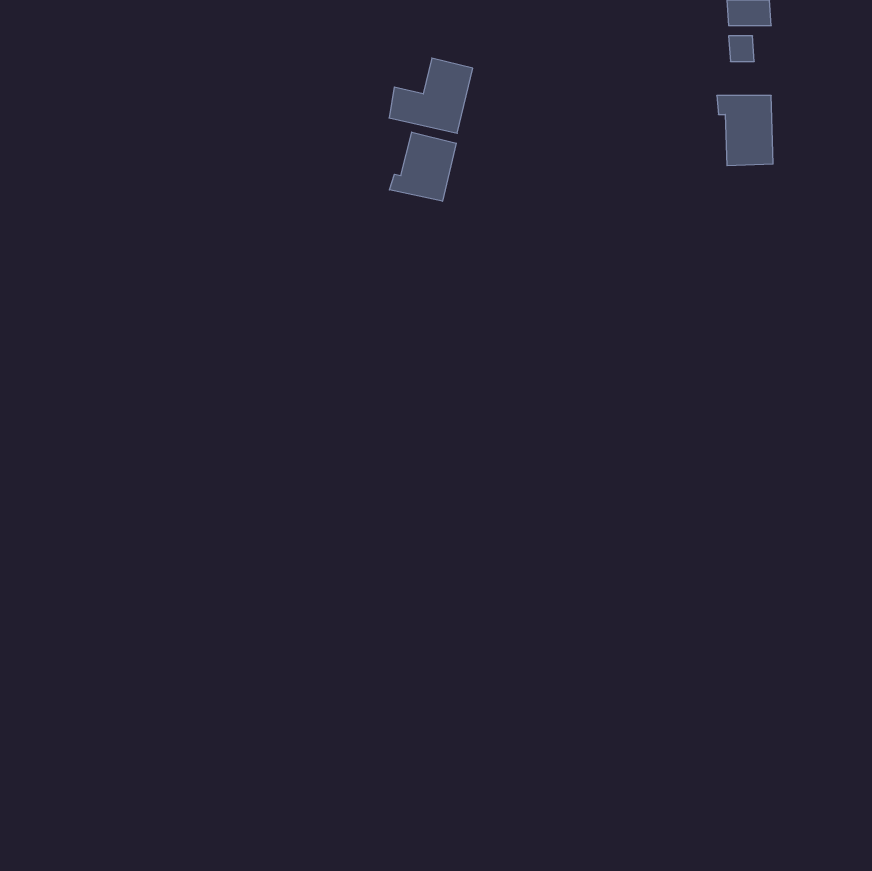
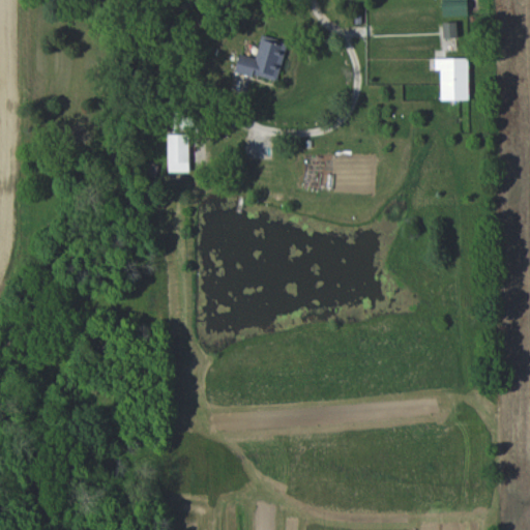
building: [389,132,456,201] -> none
building: none -> [168,136,189,173]

